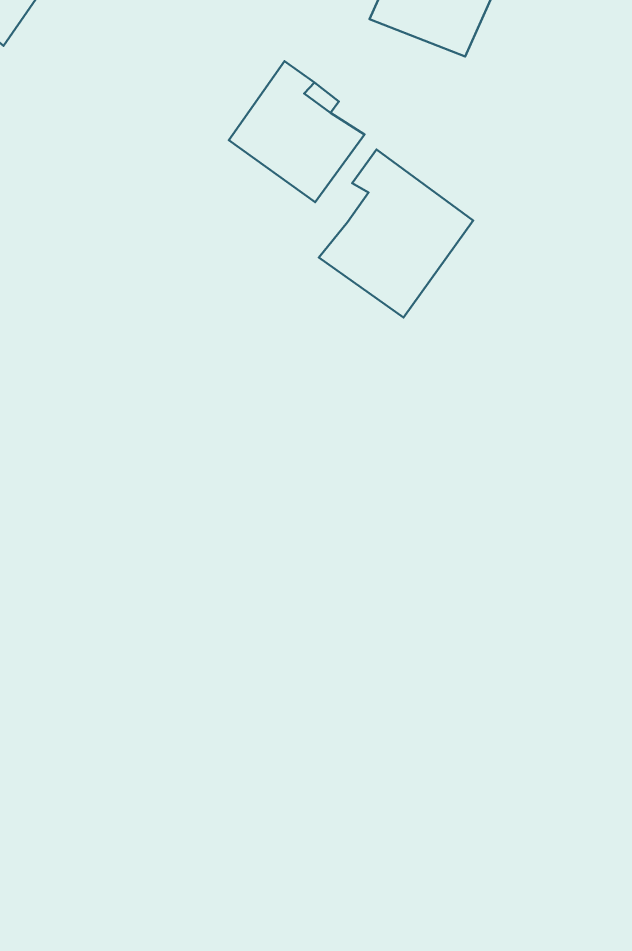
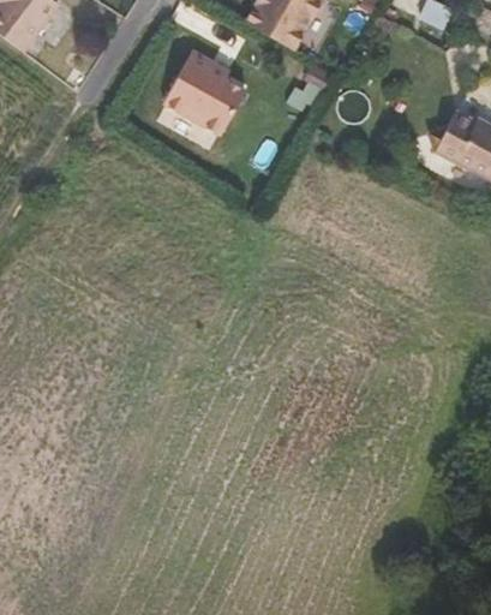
building: [319,150,473,317] -> none

